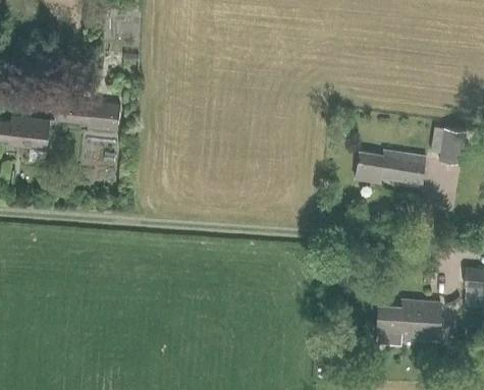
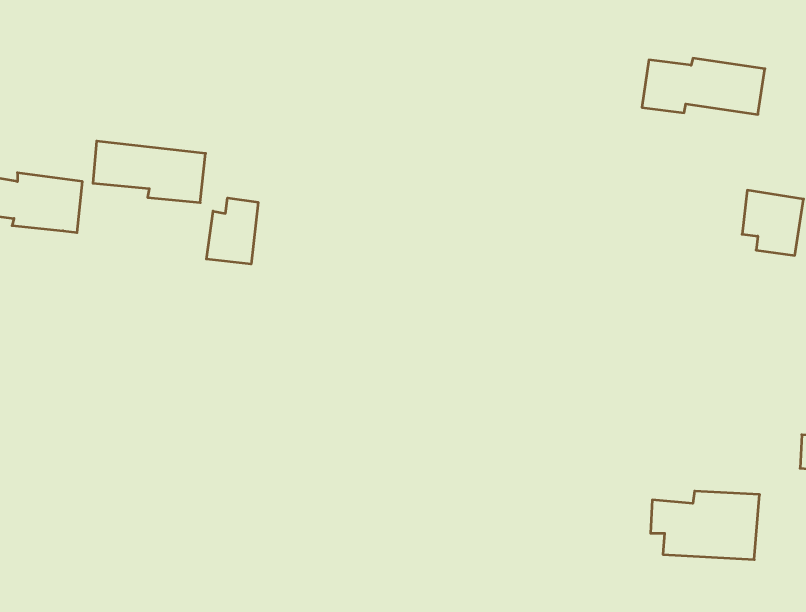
building: none -> [206,198,258,264]
building: [355,151,426,183] -> [642,58,765,114]

